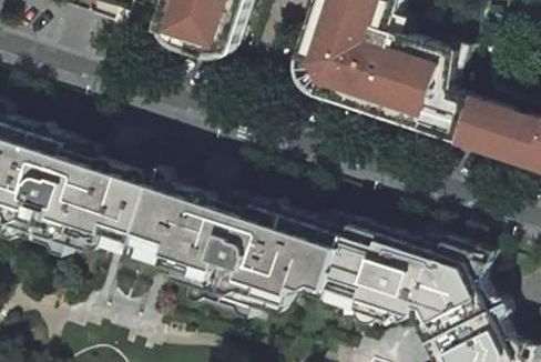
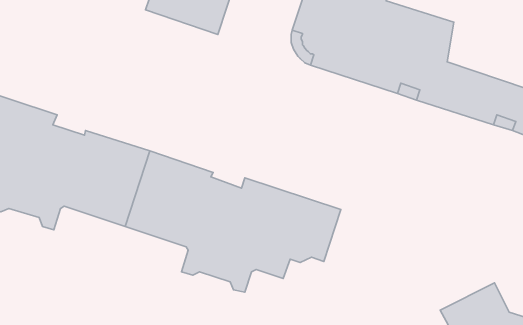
building: [323,218,490,333] -> none

